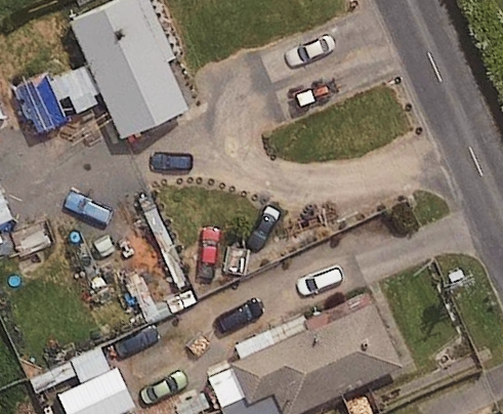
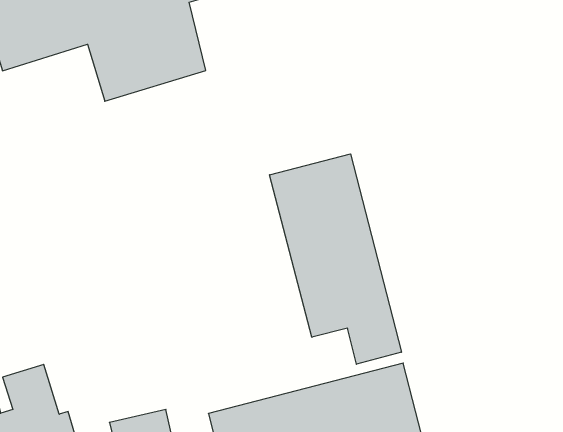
building: none -> [270,154,401,364]

